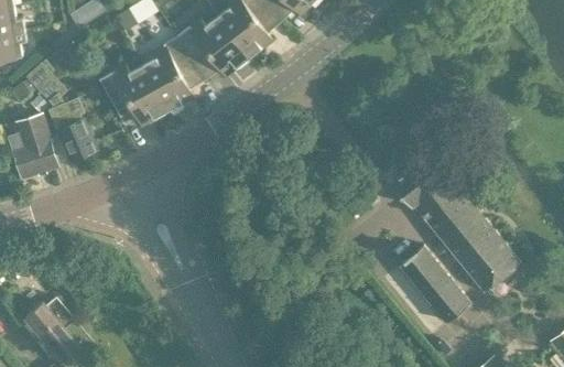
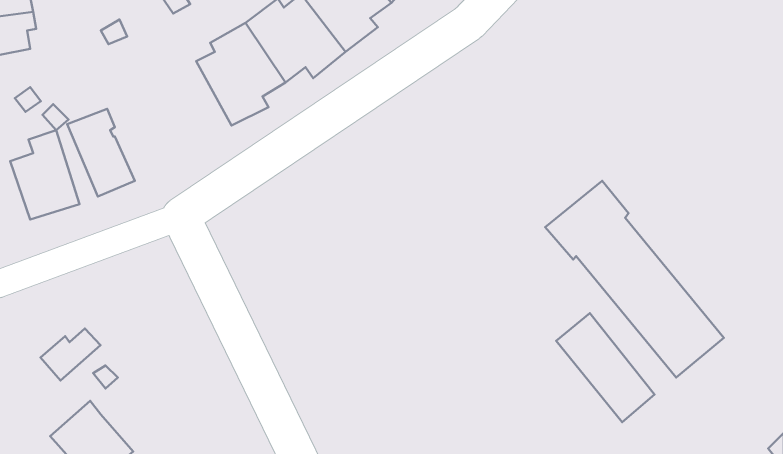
building: [26,61,65,105] -> none
building: [98,65,166,126] -> none
building: [22,296,65,334] -> [40,328,100,381]

